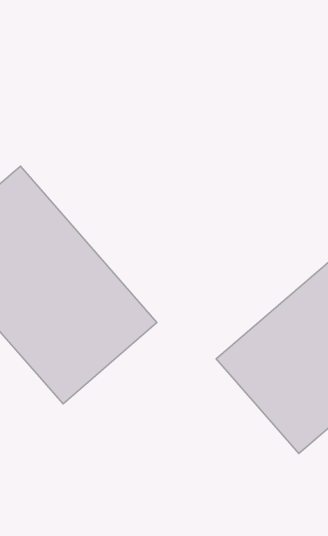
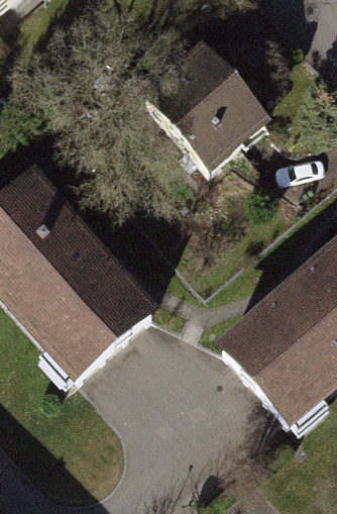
building: none -> [140,37,271,172]

